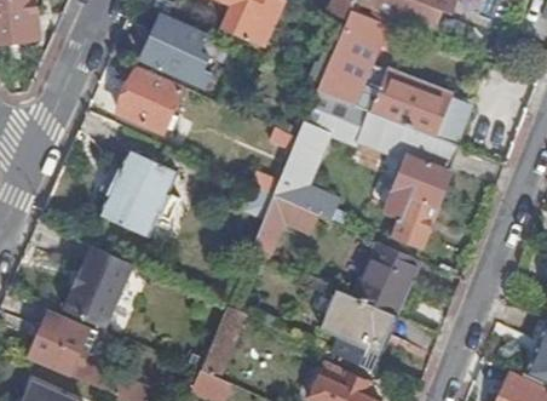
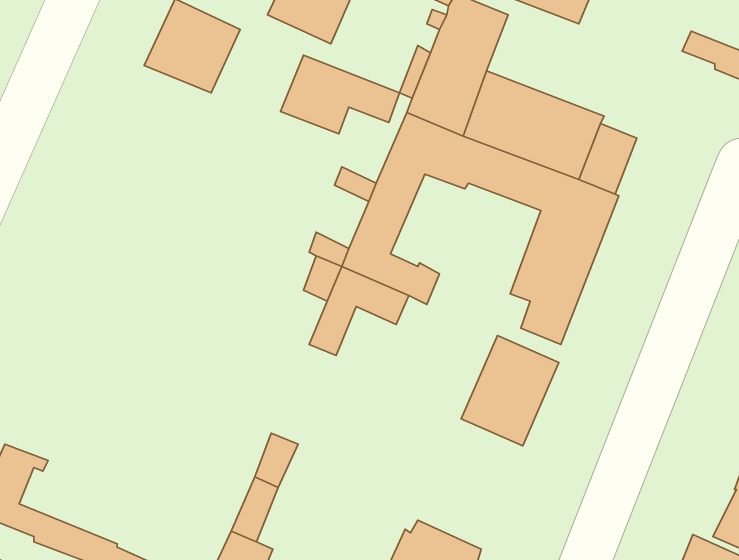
building: none -> [281,55,400,134]
building: [117,67,183,132] -> none
building: [99,150,179,236] -> none
building: [63,246,132,328] -> none
building: [318,288,395,370] -> none

